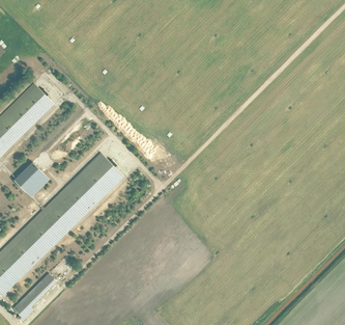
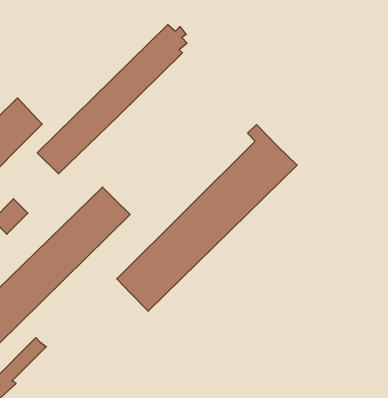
building: none -> [37,24,187,174]
building: none -> [117,125,297,311]

